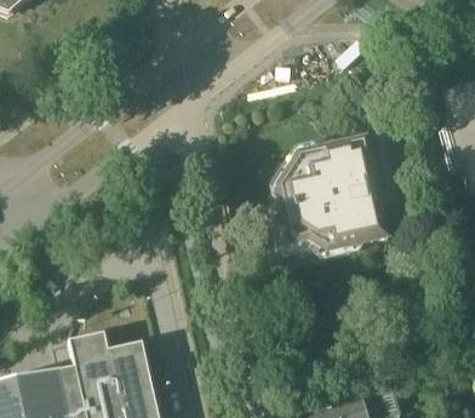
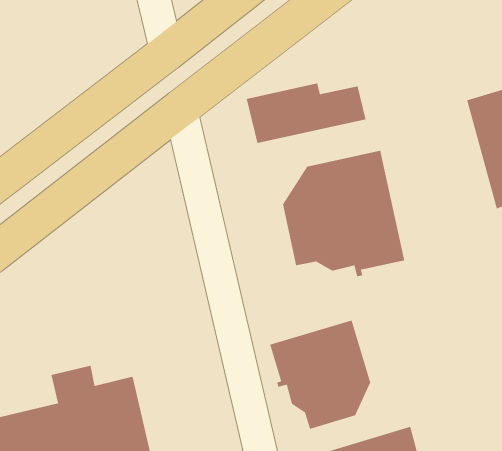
building: none -> [246,82,367,144]
building: none -> [269,319,371,430]

